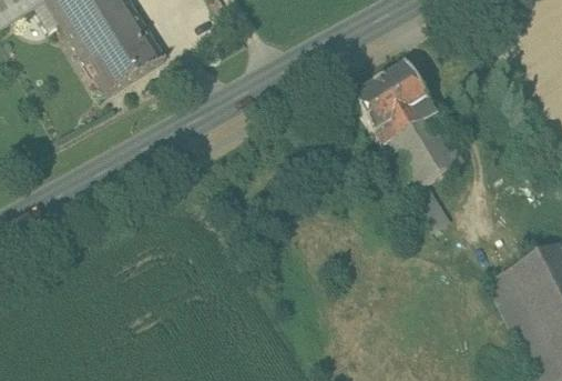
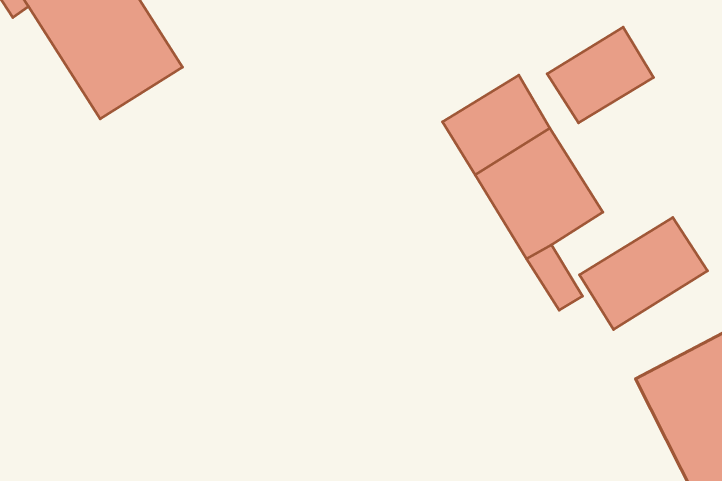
building: none -> [547,27,654,123]
building: none -> [580,218,708,330]

